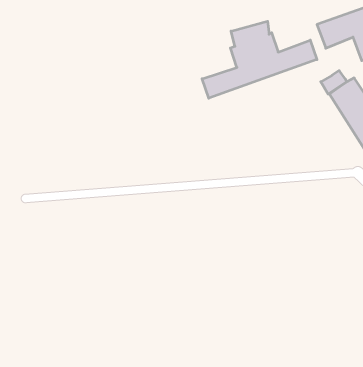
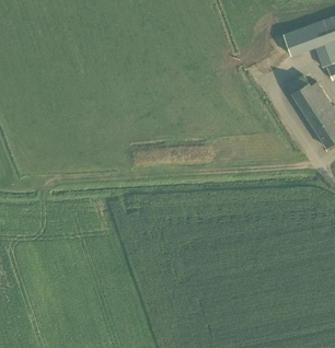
building: [202,21,317,98] -> none

